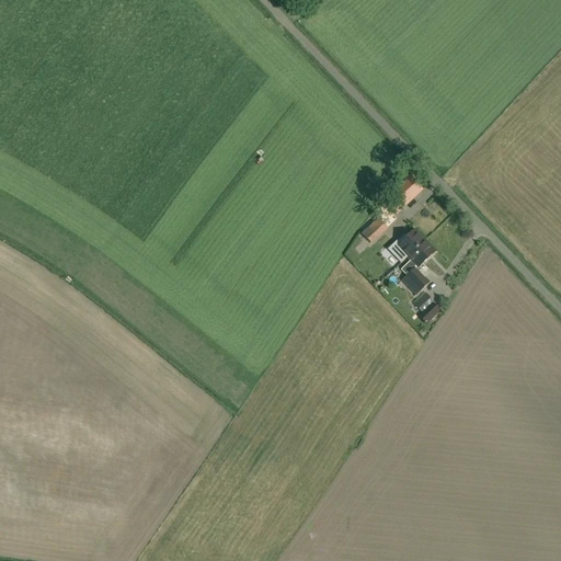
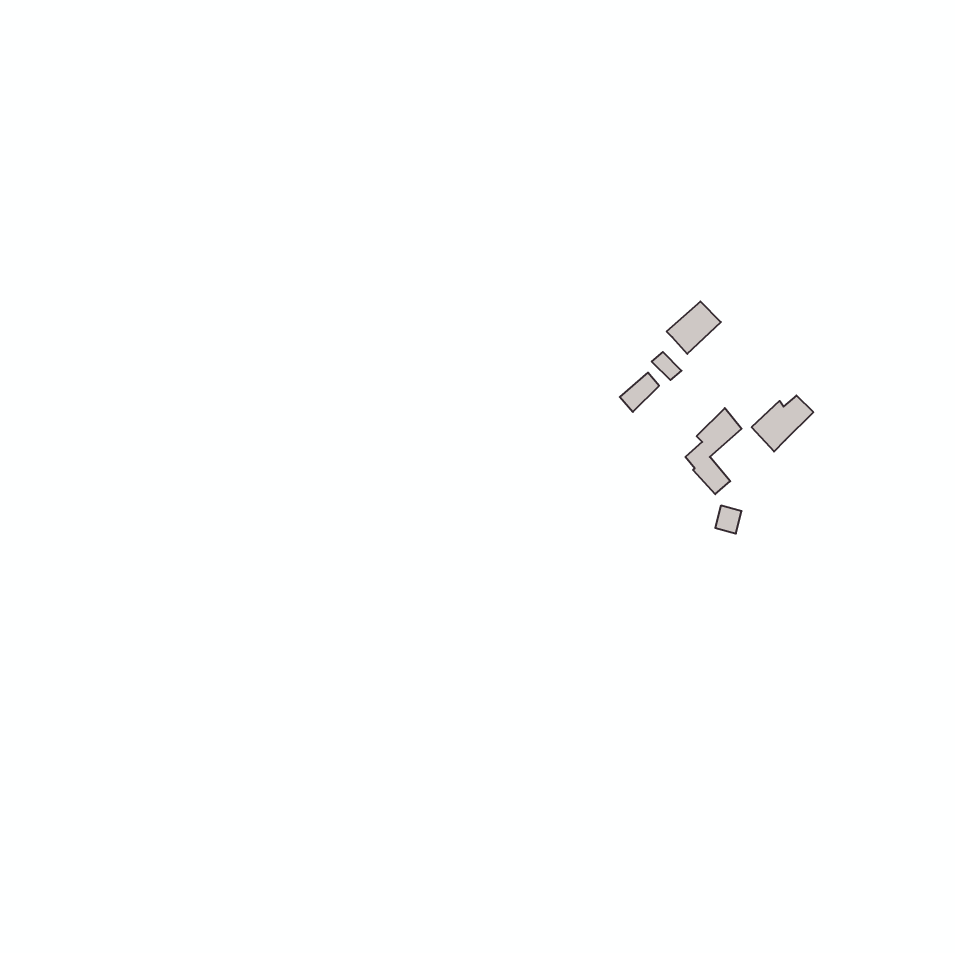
building: [389,229,425,262] -> [752,395,813,452]

